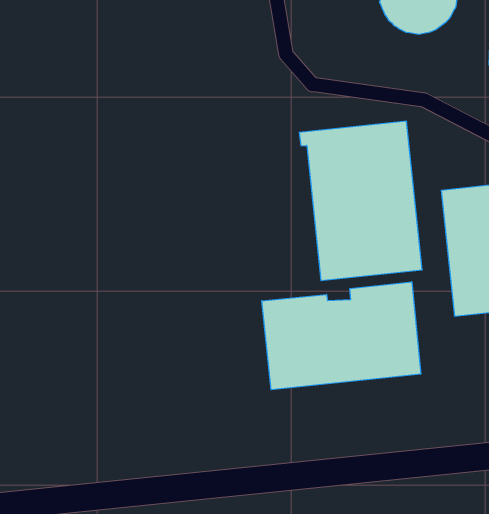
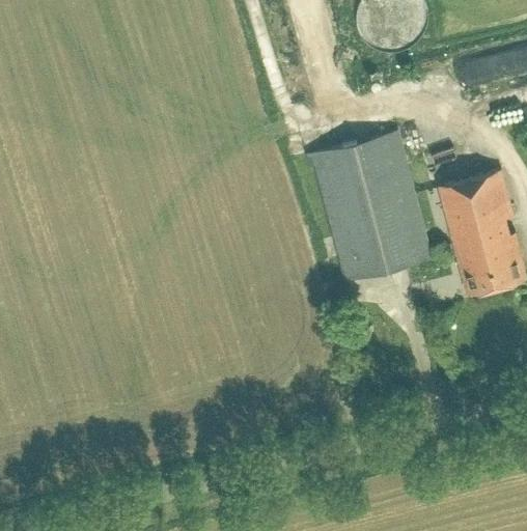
building: [262,282,421,390] -> none

